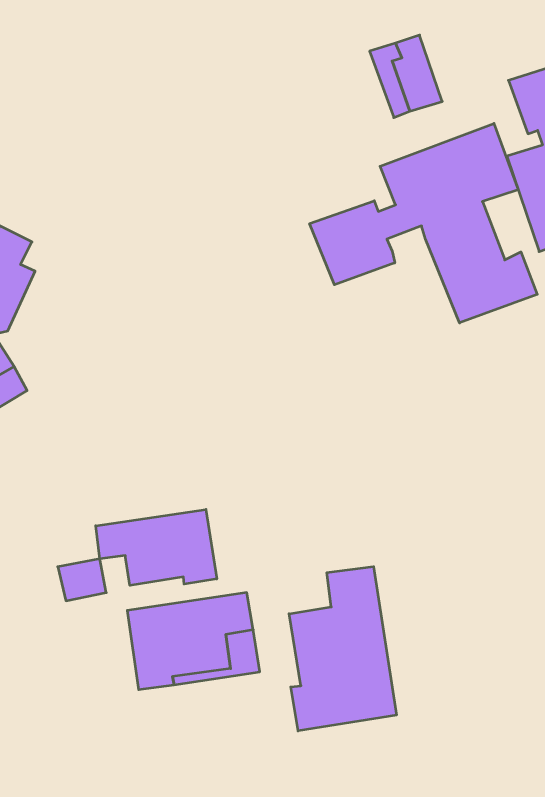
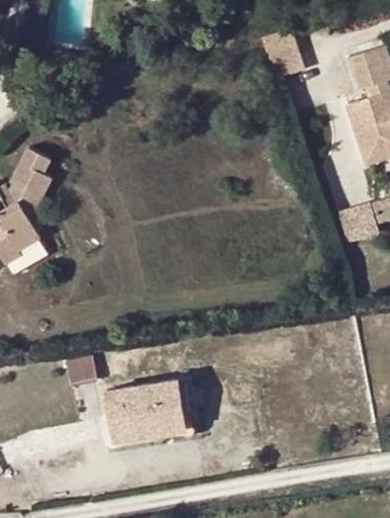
building: [310,123,537,323] -> none
building: [96,509,217,585] -> none
building: [289,567,396,731] -> none

